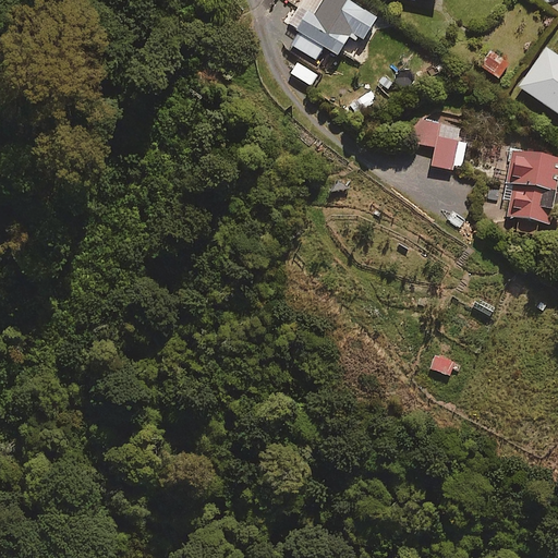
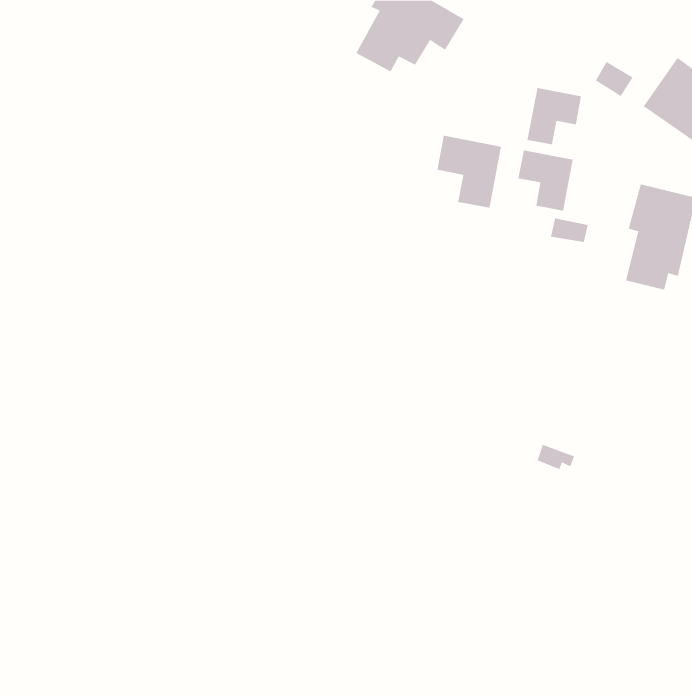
building: none -> [527,87,582,145]
building: none -> [437,135,502,209]

